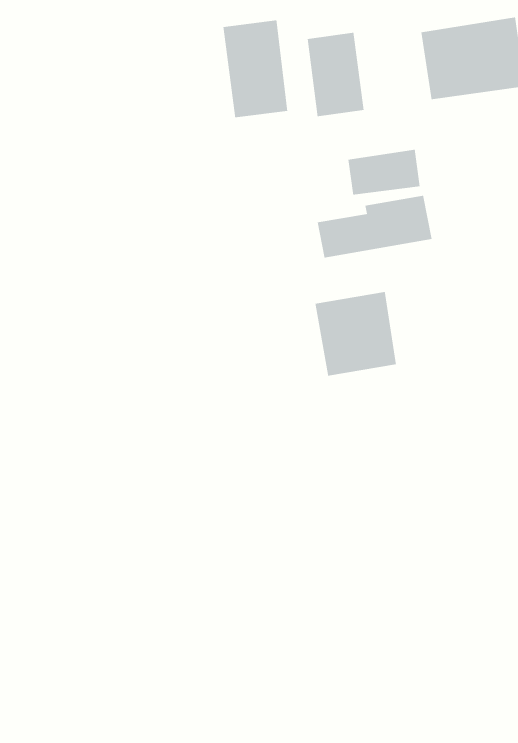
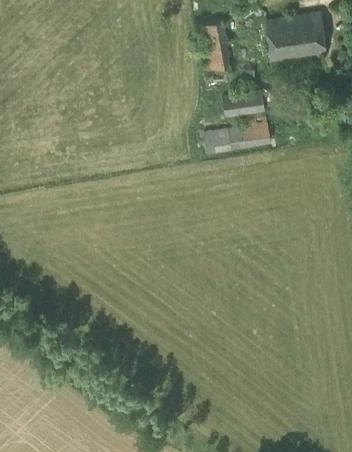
building: [223,19,288,118] -> none
building: [315,291,397,376] -> none

